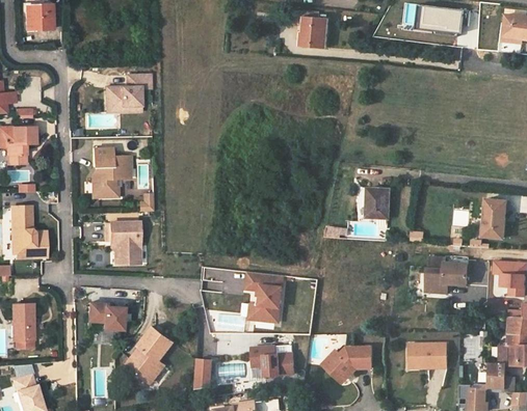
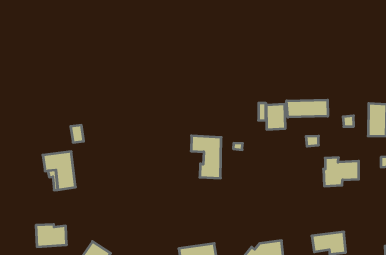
building: [106,74,152,106] -> none
building: [91,148,131,197] -> none
building: none -> [287,100,328,117]
building: [247,271,284,323] -> [191,136,221,178]

